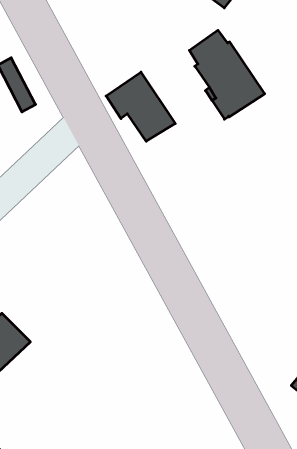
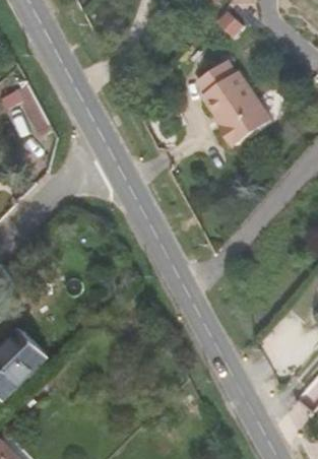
building: [106,72,175,141] -> none

